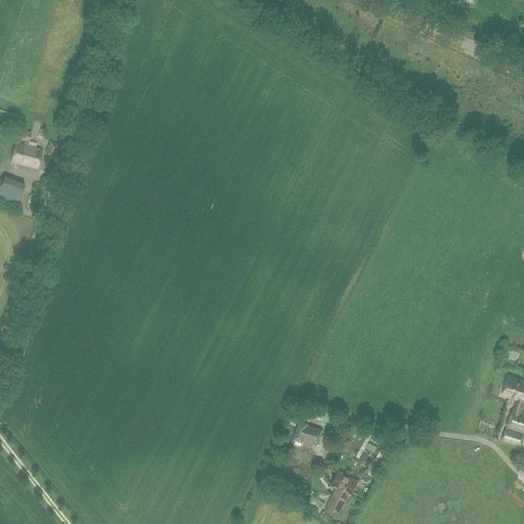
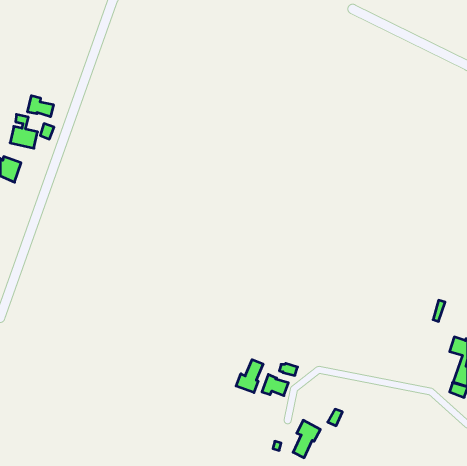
building: none -> [28,96,53,117]
building: none -> [236,360,263,393]

